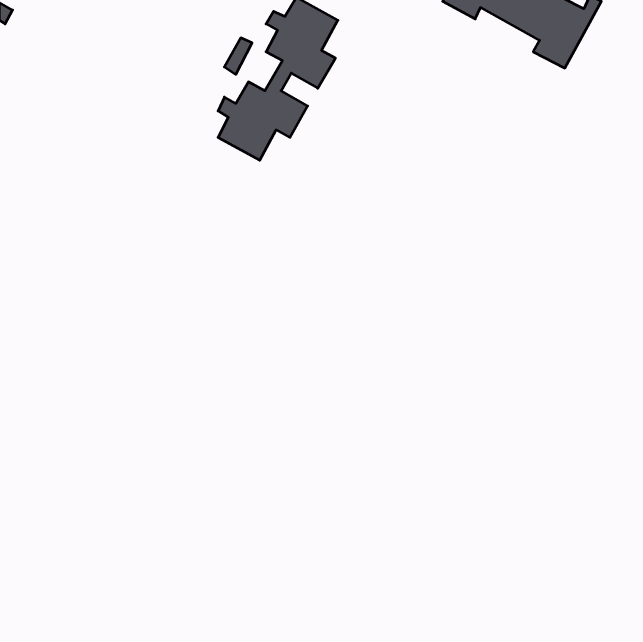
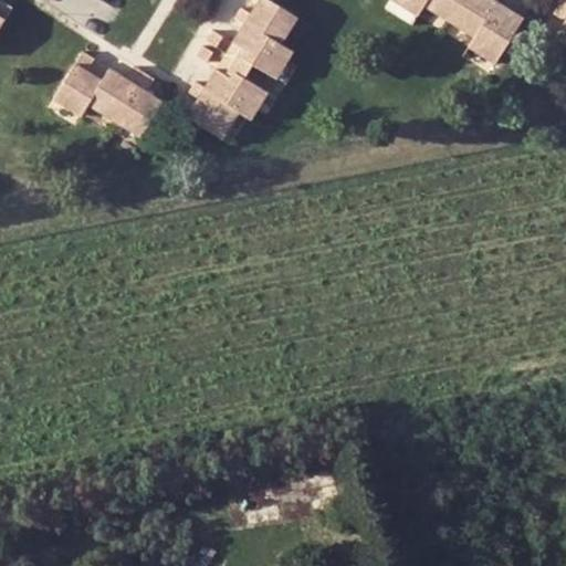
building: none -> [53,61,163,139]

